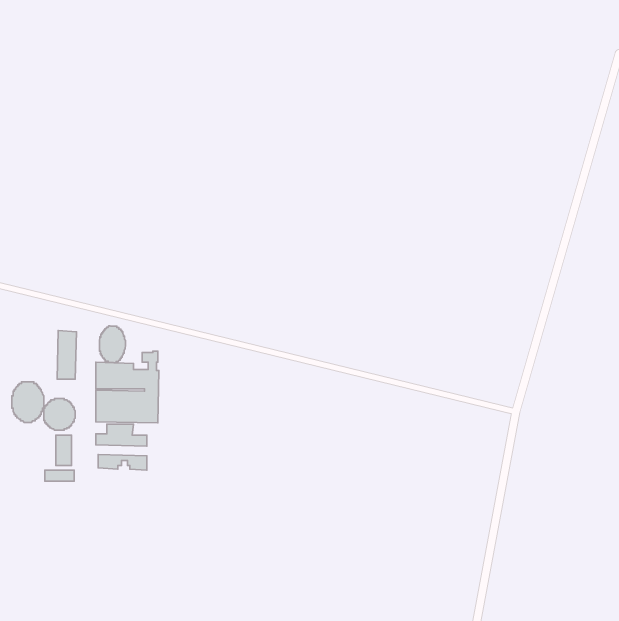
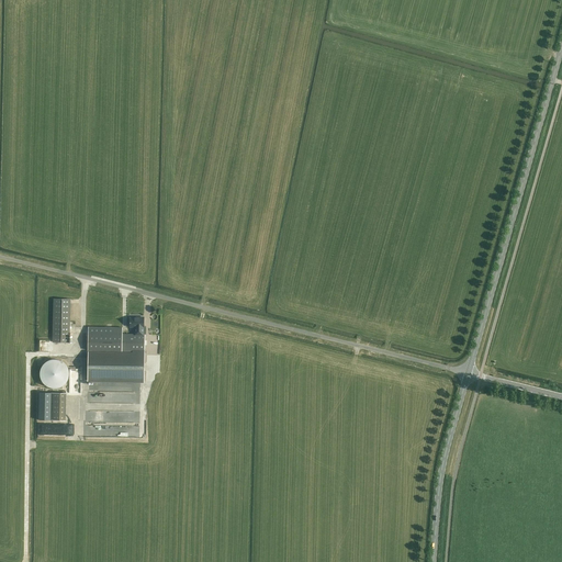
building: [99,326,126,363] -> none
building: [12,382,44,422] -> none

